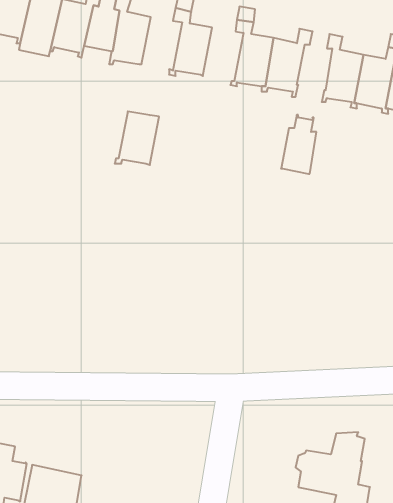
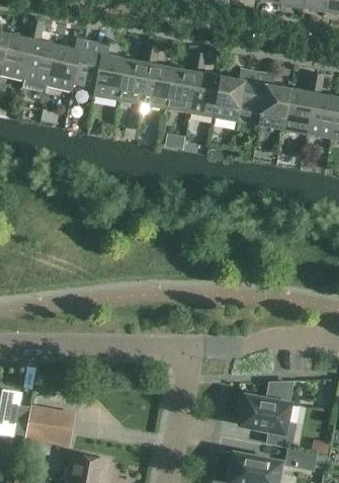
building: none -> [163,68,197,109]
building: [115,111,159,165] -> [115,60,150,101]
building: [281,115,316,174] -> [239,71,266,116]

